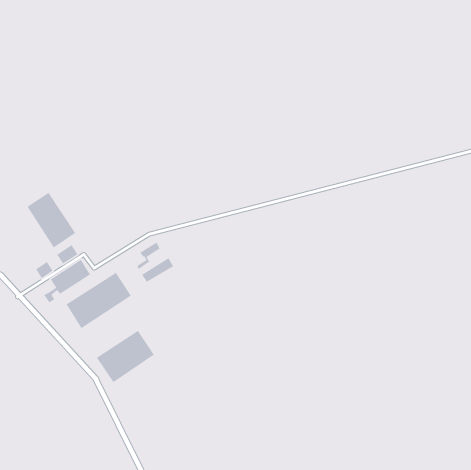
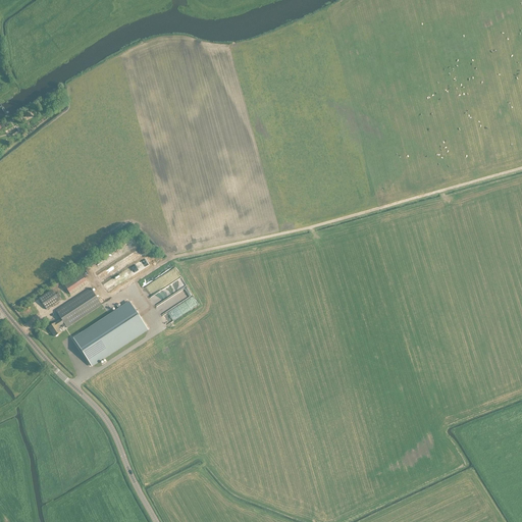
building: [26,192,76,248] -> none
building: [96,330,155,383] -> none

